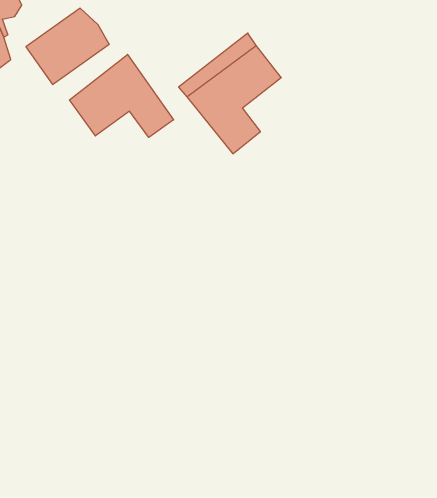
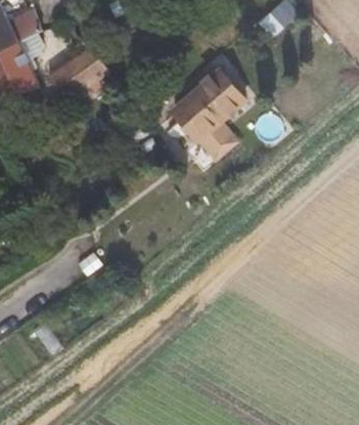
building: [69,54,174,137] -> none

